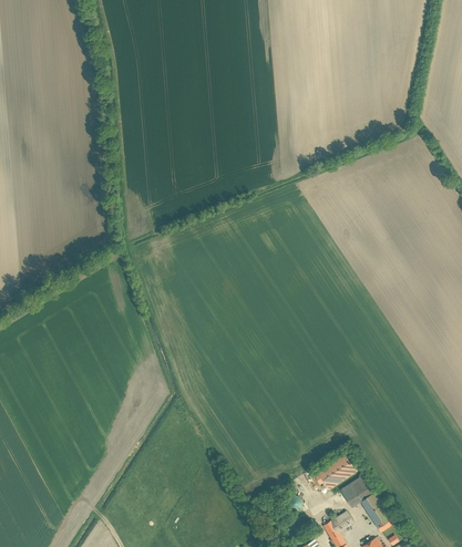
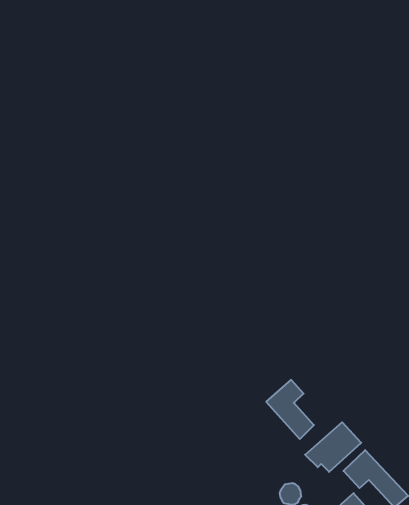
building: none -> [266,380,314,439]

